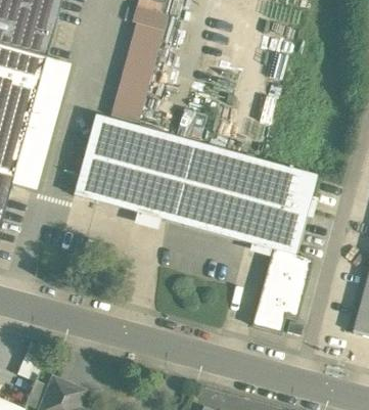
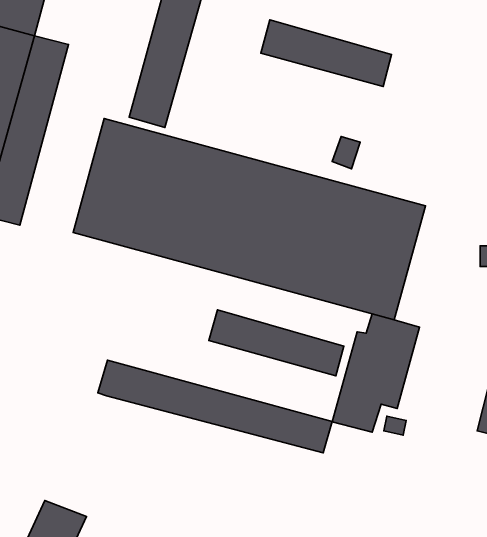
building: none -> [261,20,392,86]
building: none -> [209,310,344,376]
building: none -> [98,360,332,453]

